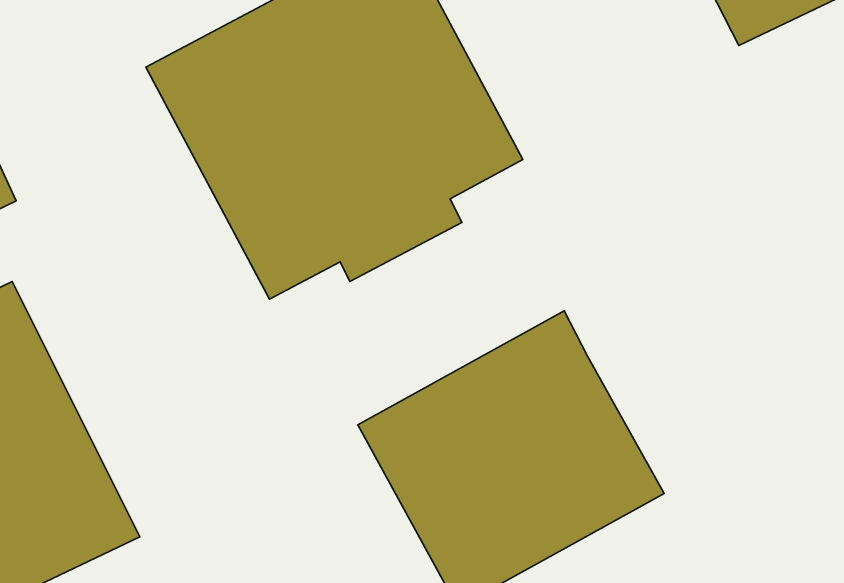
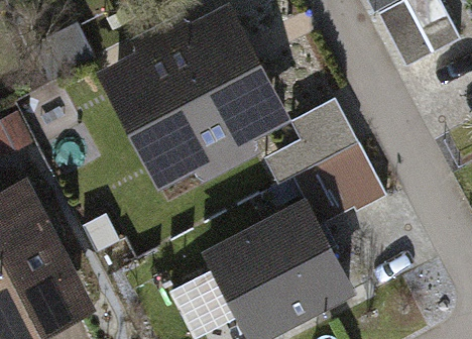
building: none -> [263,94,385,219]

